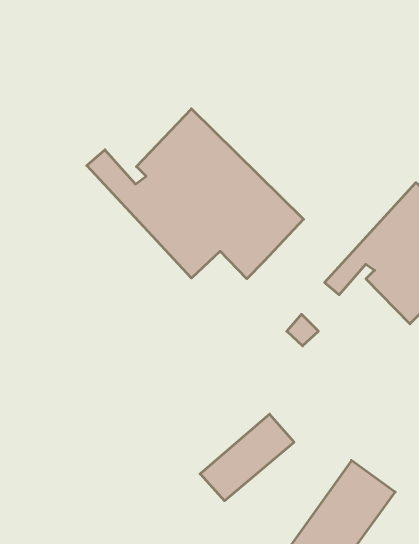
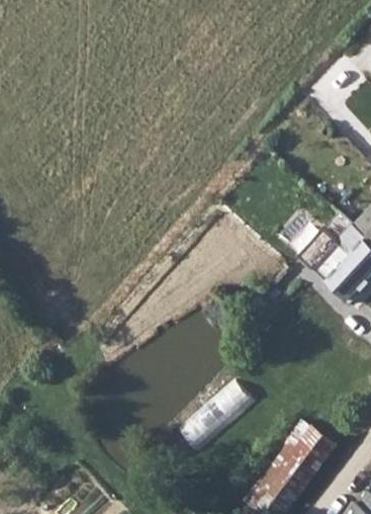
building: [87,109,304,279] -> none

